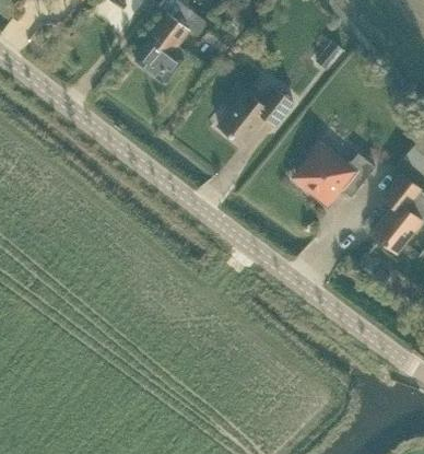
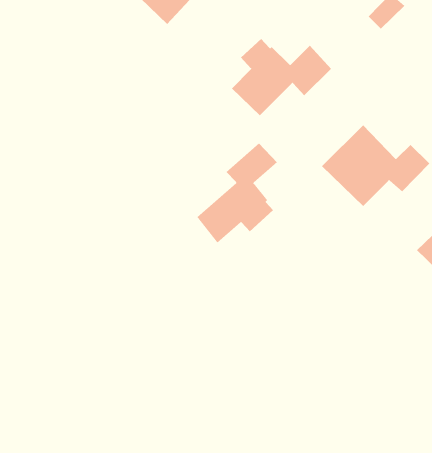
building: none -> [196,143,278,243]

